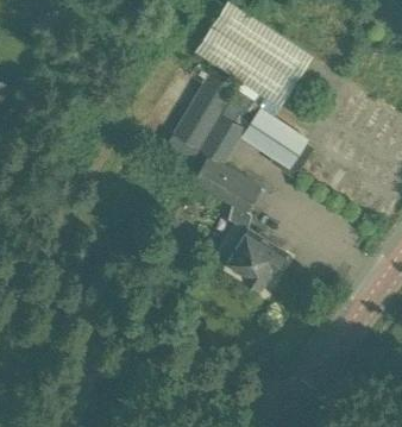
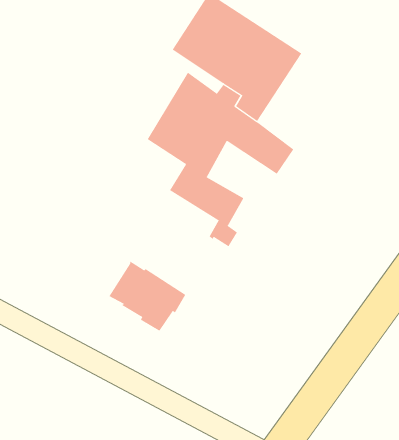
building: [213,225,283,289] -> [108,260,186,332]

